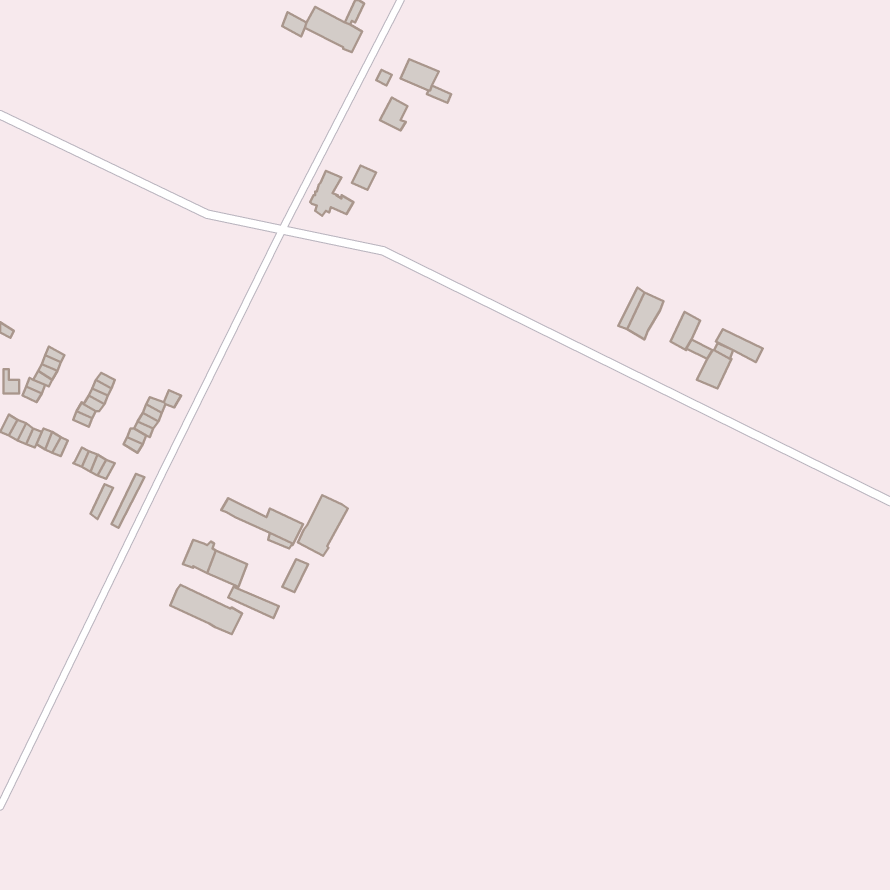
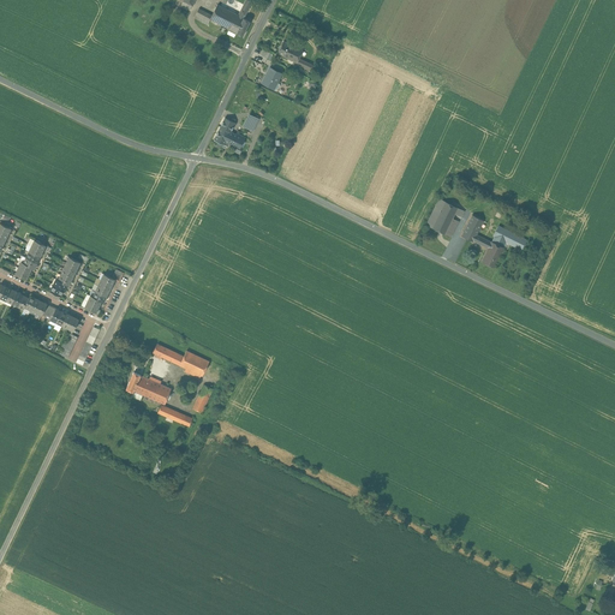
building: [298,495,348,556] -> none
building: [170,585,242,634] -> none

